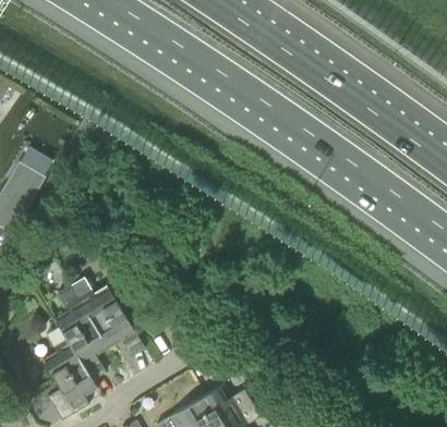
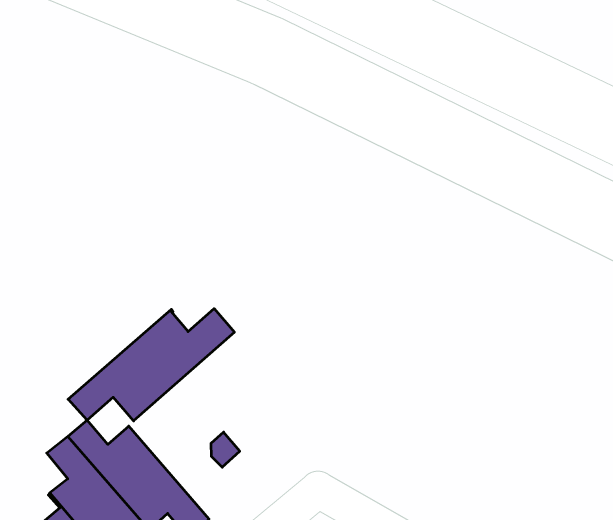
building: none -> [68,309,234,421]

